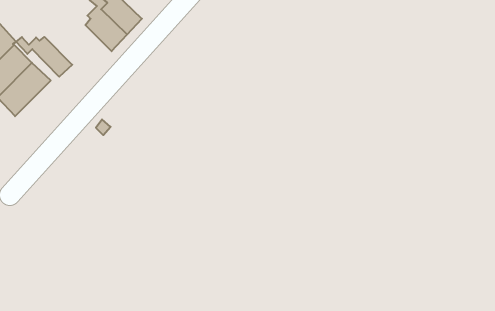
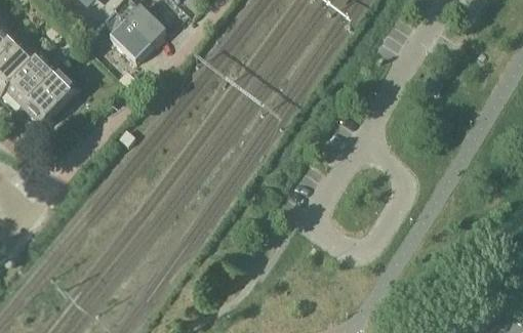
building: [16,37,72,77] -> none

